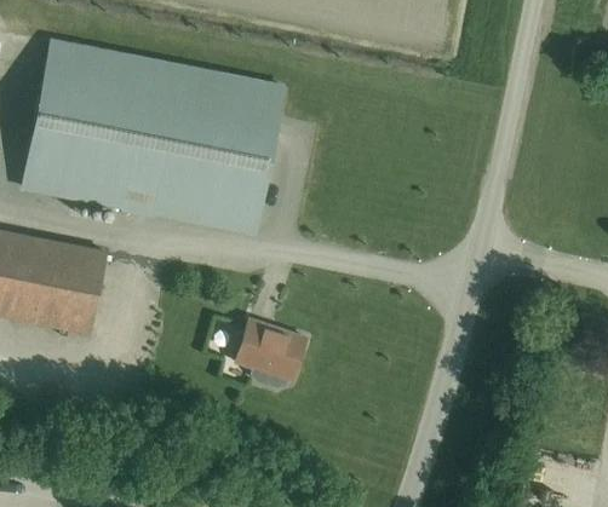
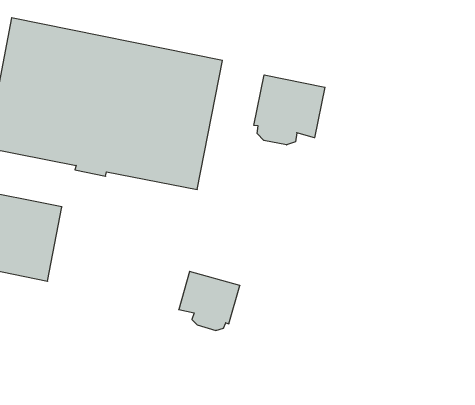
building: none -> [254,75,325,145]

